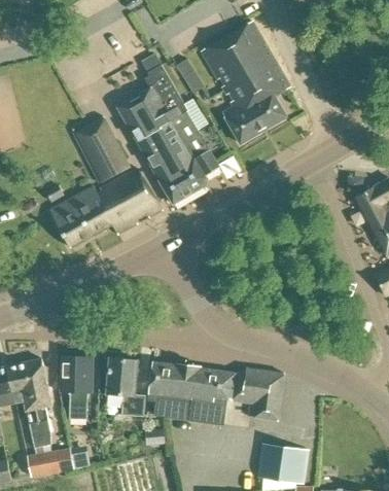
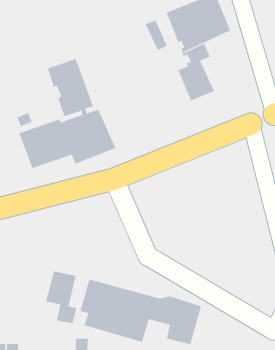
building: [244,59,289,130] -> none
building: [116,65,218,205] -> none
building: [62,356,94,419] -> none

